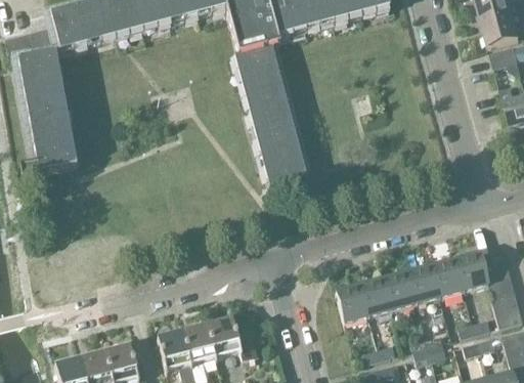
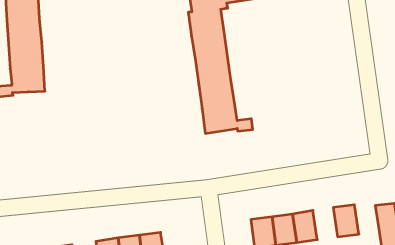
building: [456,250,489,290] -> none
building: [408,262,441,302] -> none

